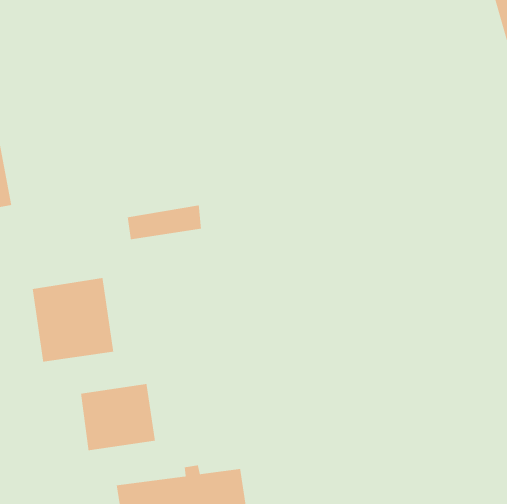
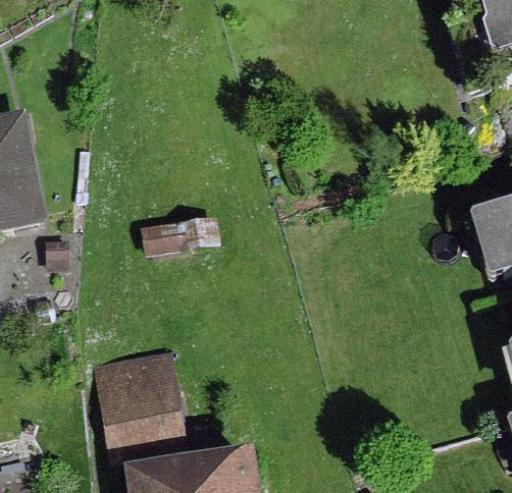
building: [32,277,114,362] -> none

